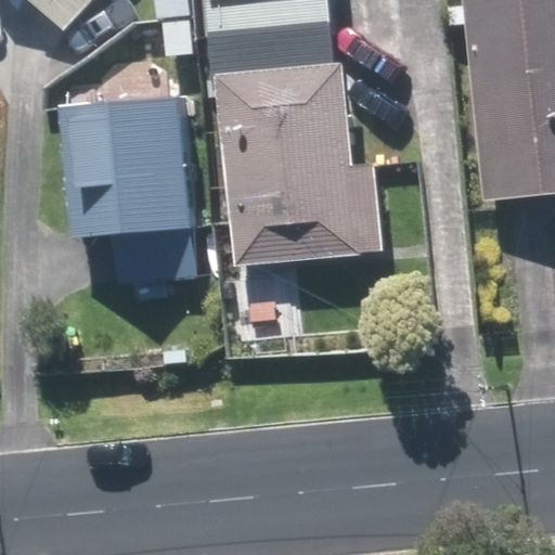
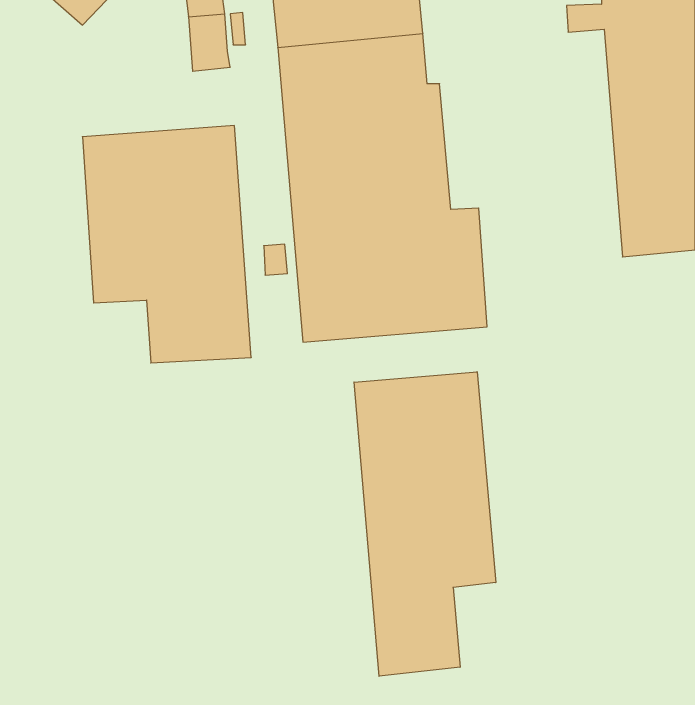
building: none -> [354,372,496,676]

